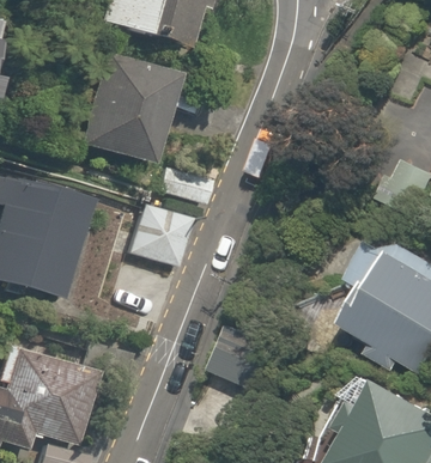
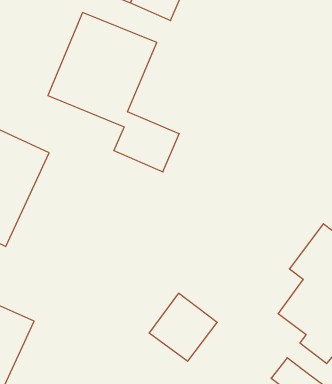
building: [127,200,192,264] -> none

